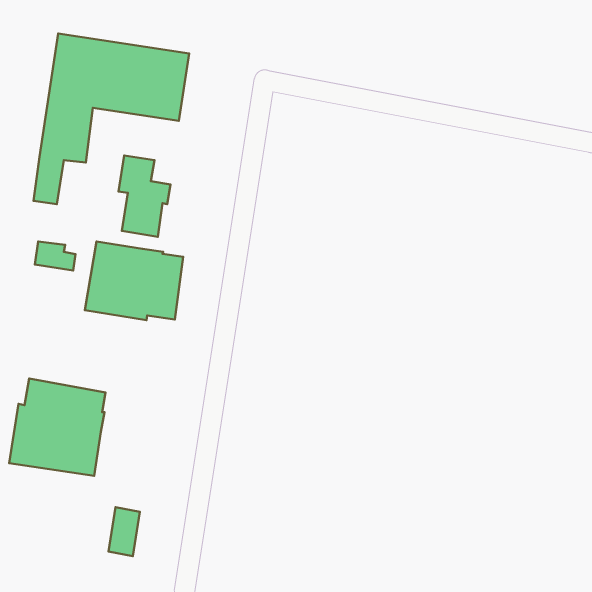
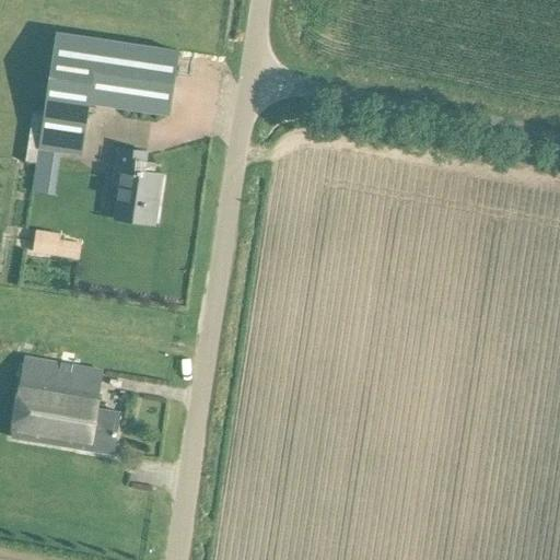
building: [85,242,183,320] -> none
building: [109,507,140,556] -> [89,407,118,453]

